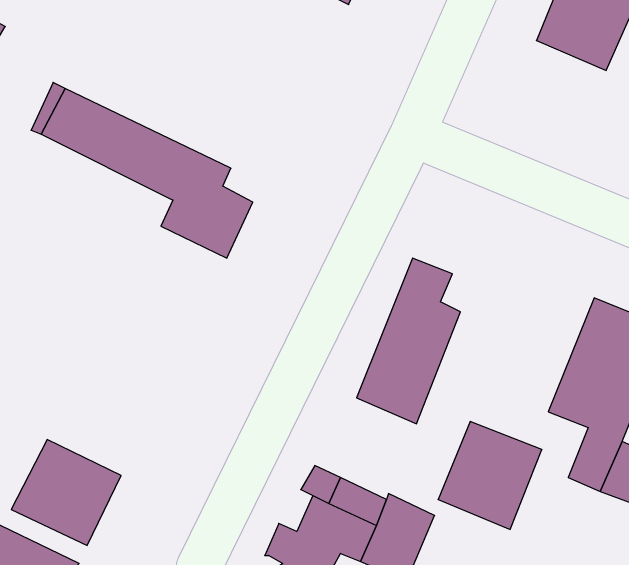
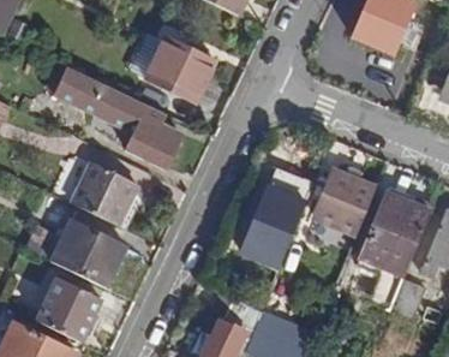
building: none -> [144,37,215,103]
building: none -> [70,162,137,226]
building: none -> [50,220,126,287]
building: [438,422,542,529] -> [312,169,375,234]

